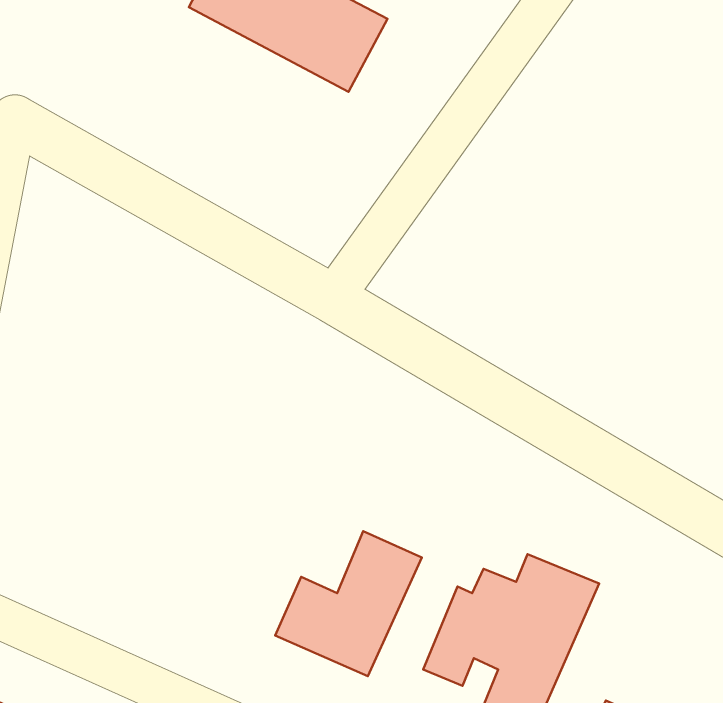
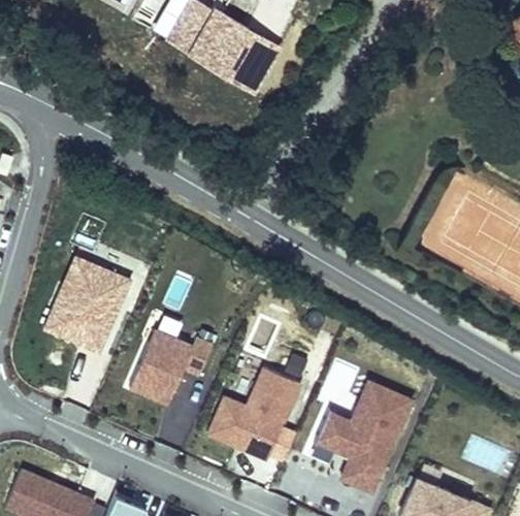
building: none -> [39,255,131,356]
building: none -> [130,330,213,405]

